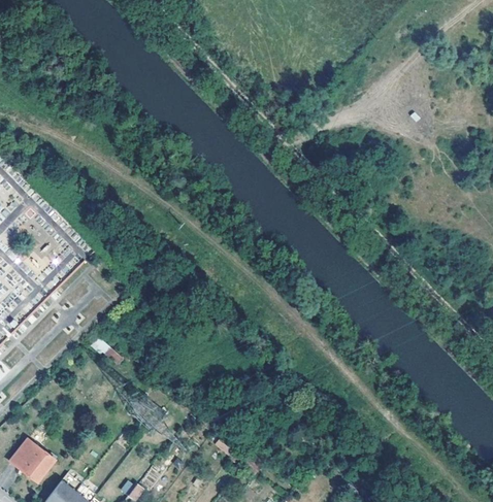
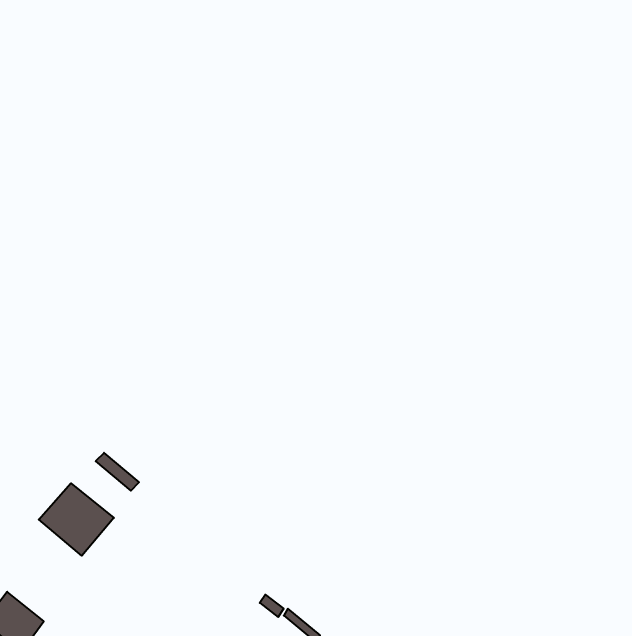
building: none -> [39,483,114,556]

